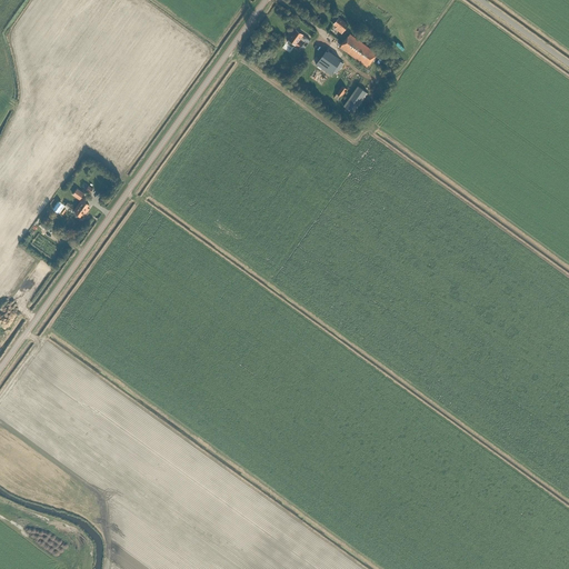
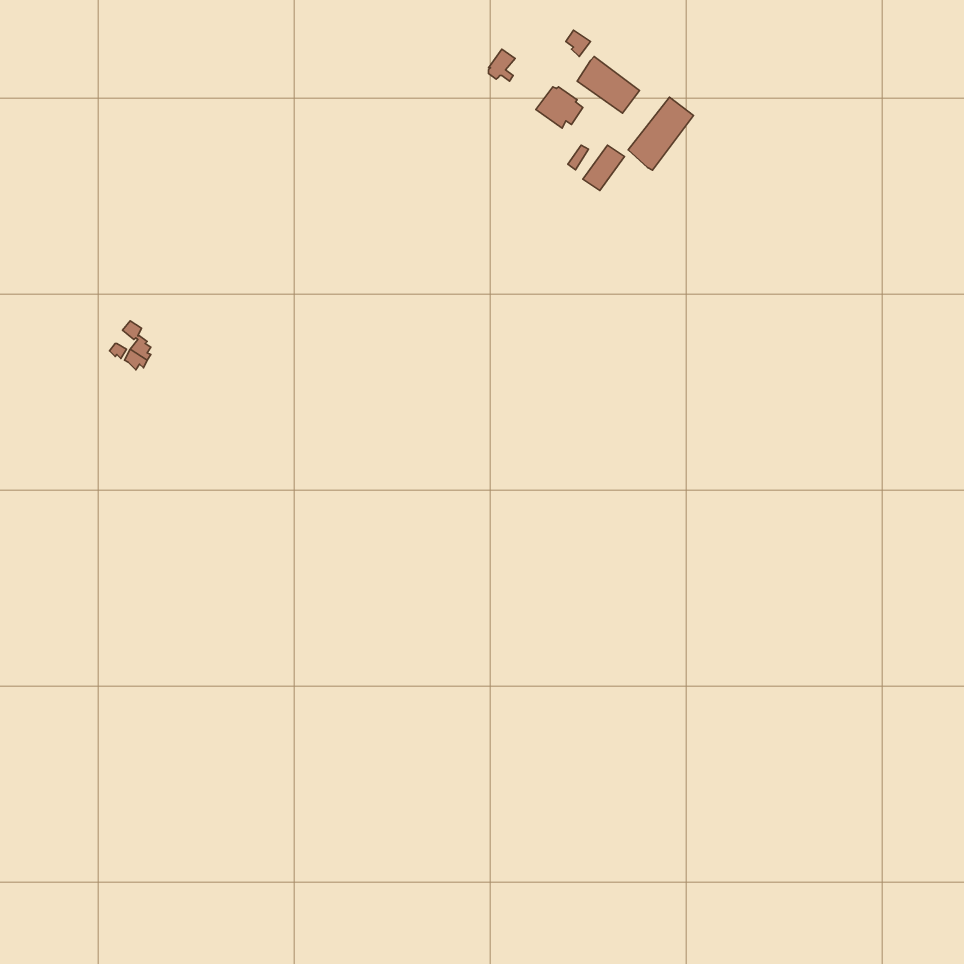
building: none -> [628,97,694,170]

